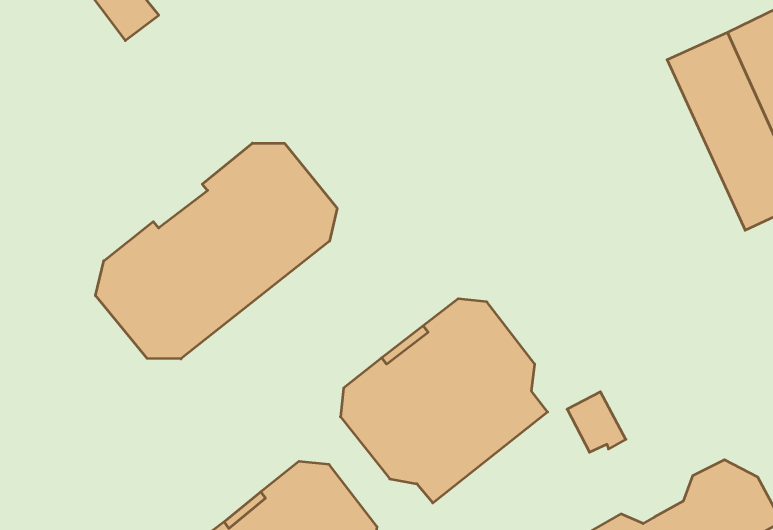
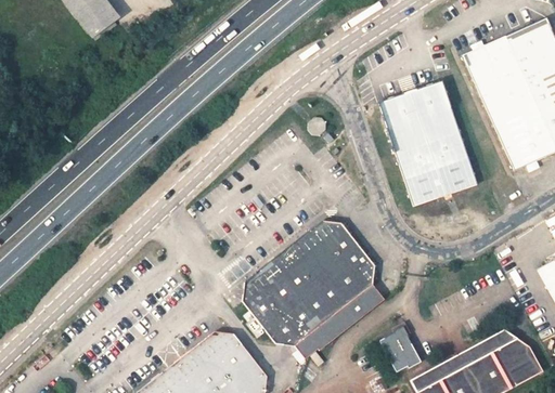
building: none -> [379,79,477,205]
building: [95,143,337,359] -> none
building: [567,392,626,452] -> [380,328,421,369]

